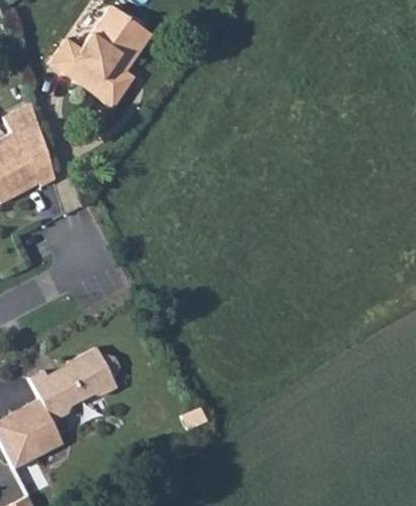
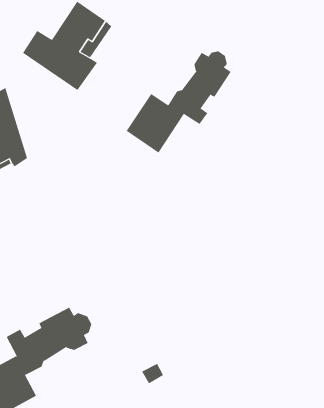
building: none -> [126,50,231,153]

